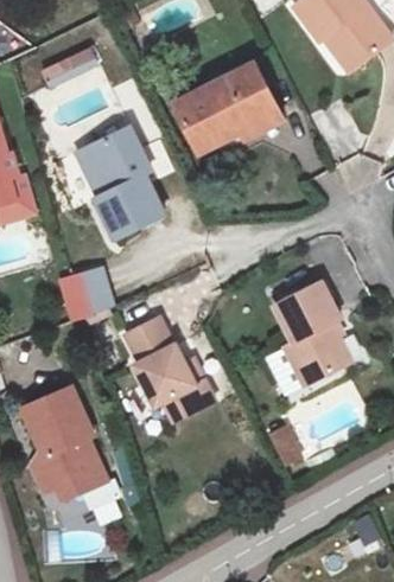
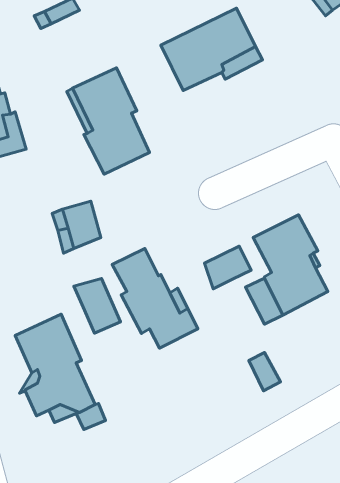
building: none -> [205,246,251,289]
building: none -> [74,279,121,333]

